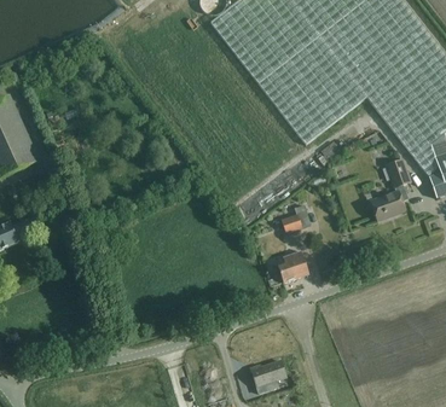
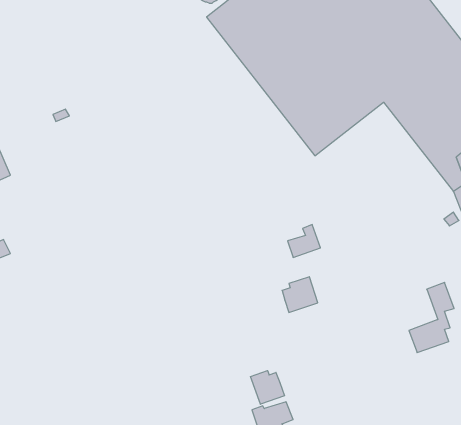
building: [371,158,411,220] -> [409,282,454,353]
building: none -> [250,371,284,404]

